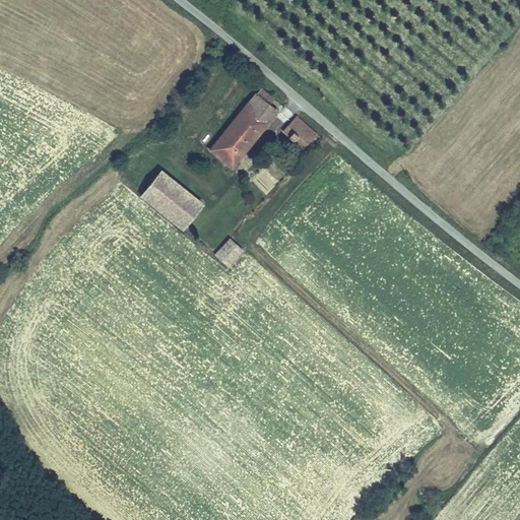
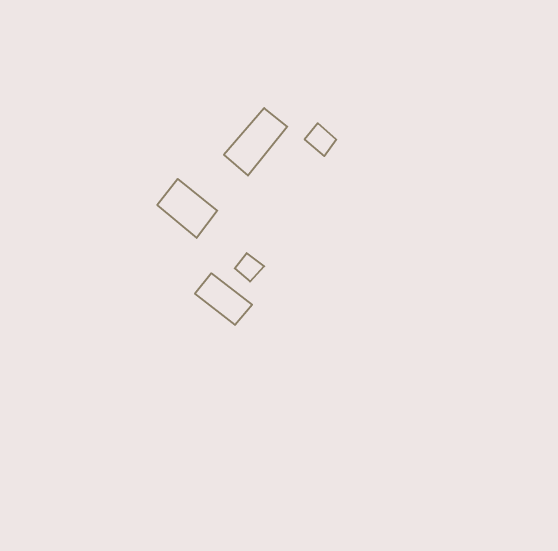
building: [246,91,276,124] -> none
building: none -> [195,273,252,325]

